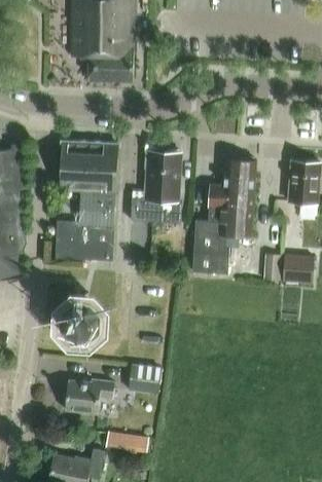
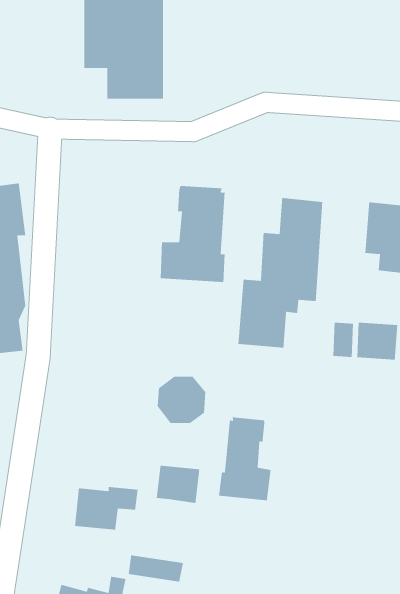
building: [57,143,118,260] -> none
building: [61,303,99,340] -> [157,376,206,424]
building: none -> [218,417,272,501]

